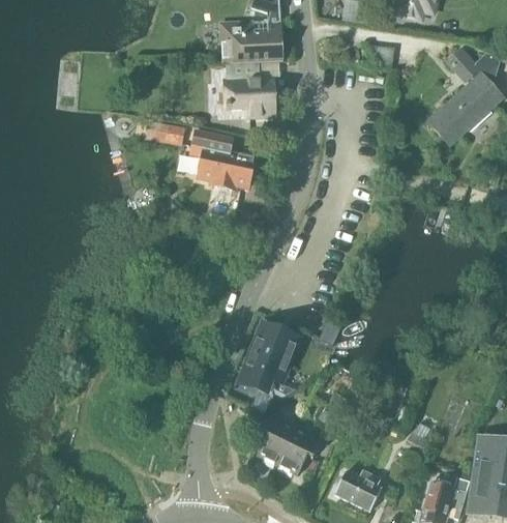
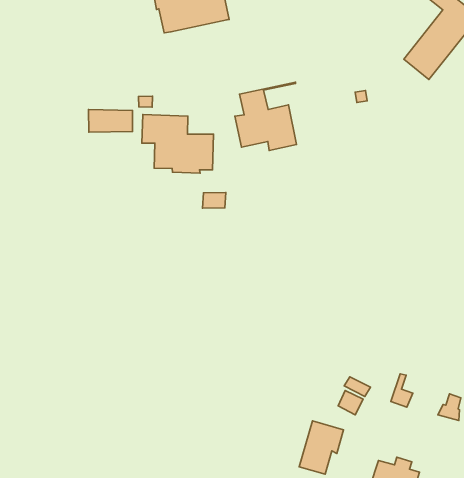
building: [225,60,282,116] -> [235,82,297,151]
building: [242,325,296,394] -> none
building: [258,411,297,463] -> none

